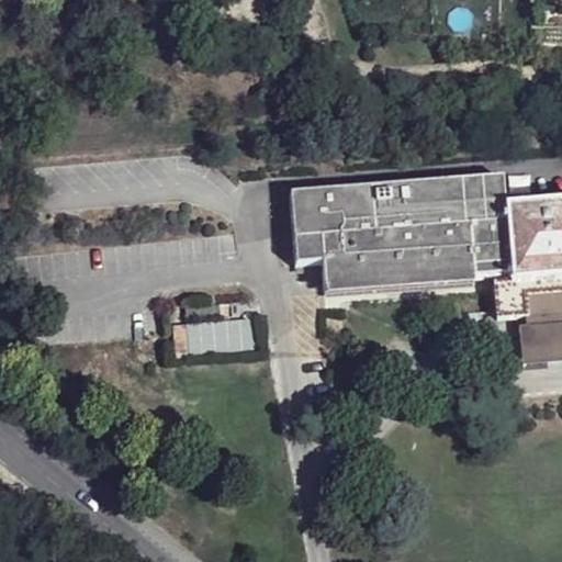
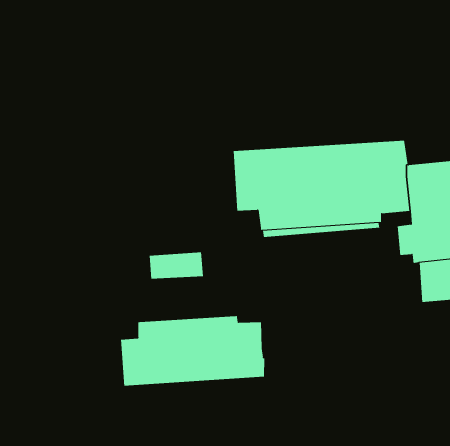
building: none -> [121,315,265,387]

